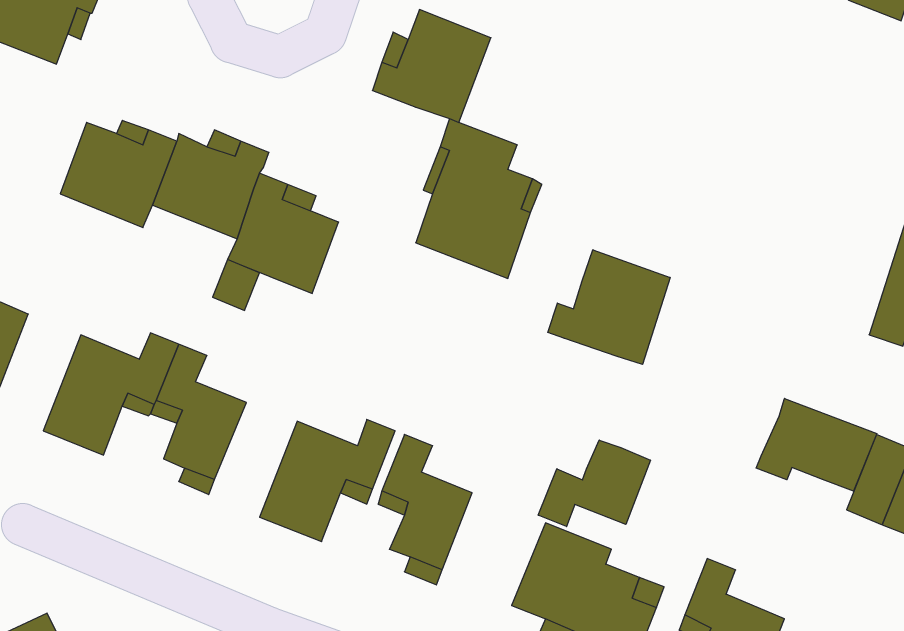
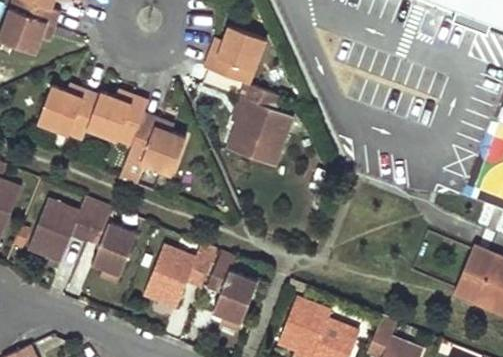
building: [548,250,670,364] -> none
building: [756,398,877,491] -> none
building: [538,440,650,527] -> none

